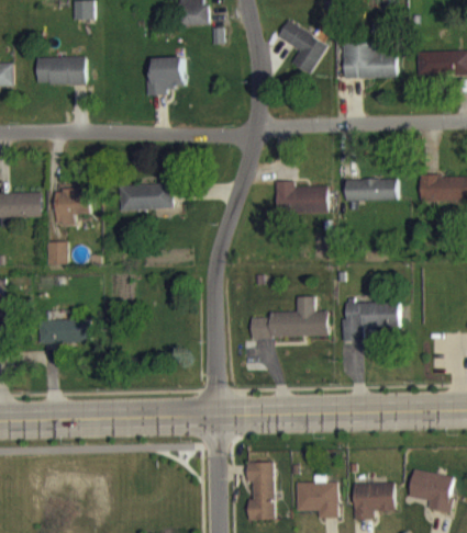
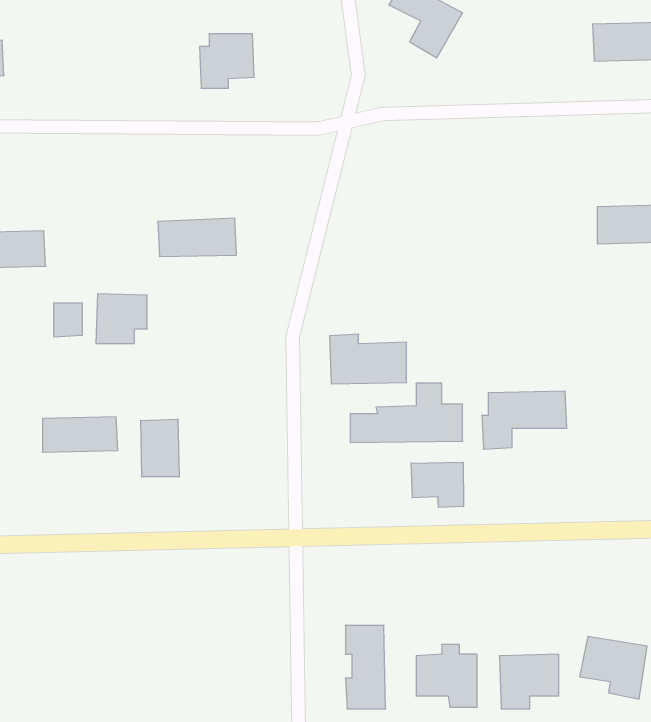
building: [342,43,396,79] -> none
building: [36,58,86,86] -> none
building: [345,179,397,201] -> none
building: [274,181,326,215] -> [330,334,407,384]
building: [54,190,89,224] -> [96,294,147,343]
building: none -> [141,419,179,477]
building: none -> [411,462,464,507]

